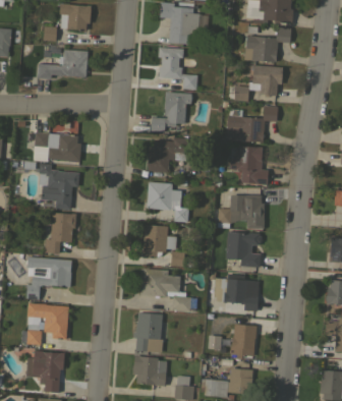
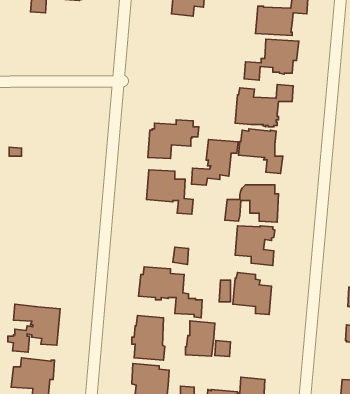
building: [158,47,197,90] -> none
building: [37,50,88,79] -> none
building: [151,92,192,132] -> [191,140,238,185]
building: [35,132,81,162] -> none
building: [39,164,79,210] -> none
building: [45,213,76,253] -> none
building: [142,225,177,257] -> none
building: [26,256,71,299] -> none
building: [230,324,256,355] -> [185,321,215,356]

